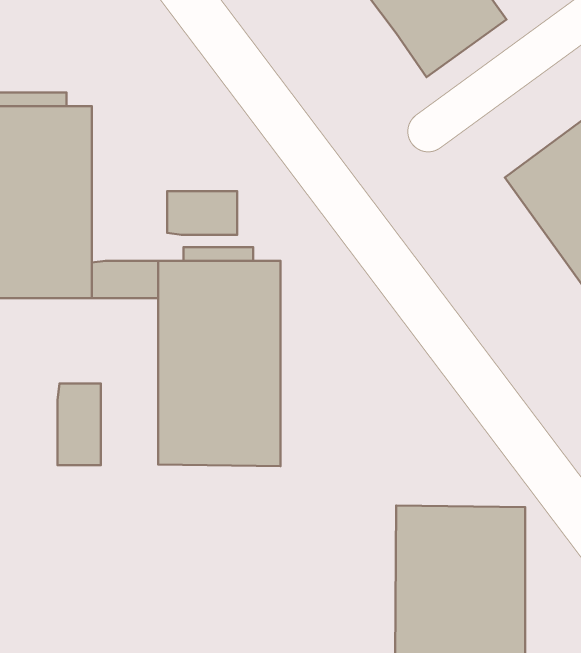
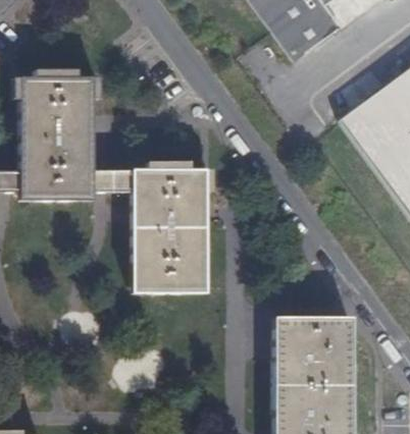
building: [167,191,237,235] -> none
building: [58,383,101,465] -> none

